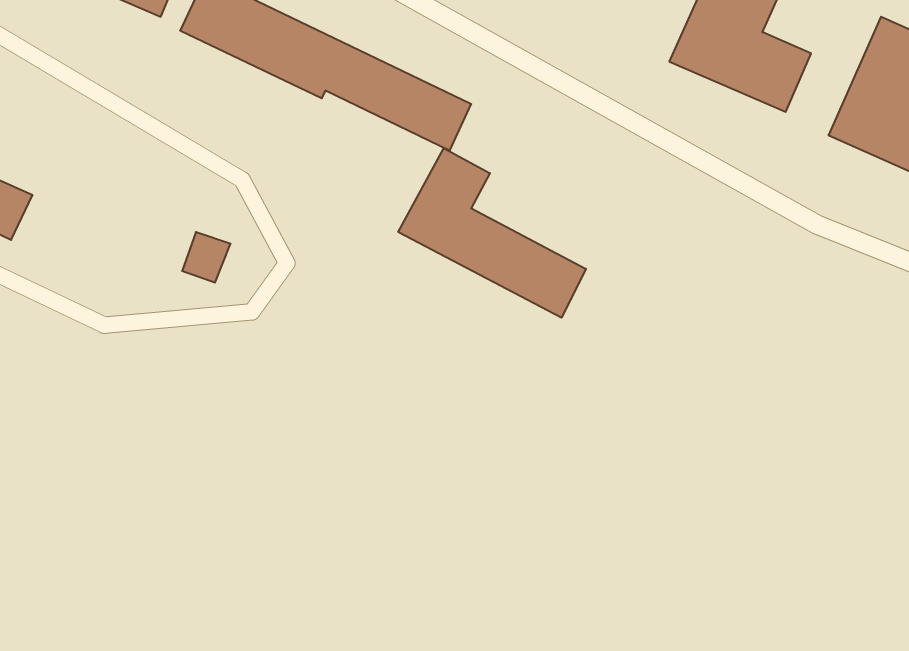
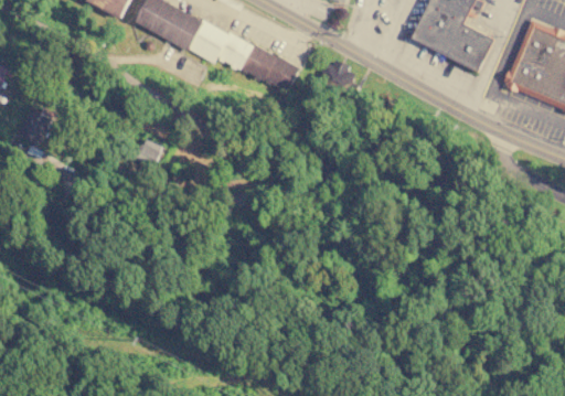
building: none -> [320,60,356,96]
building: [398,148,586,318] -> none

